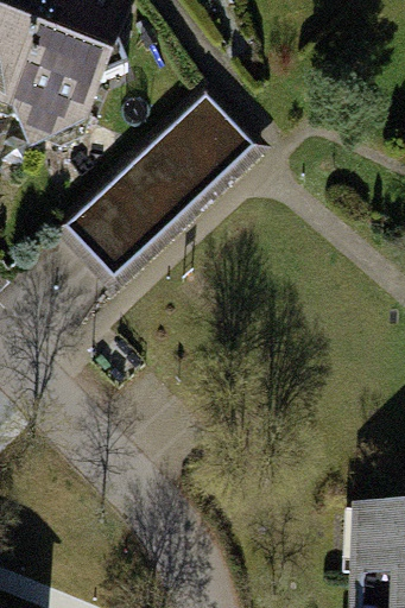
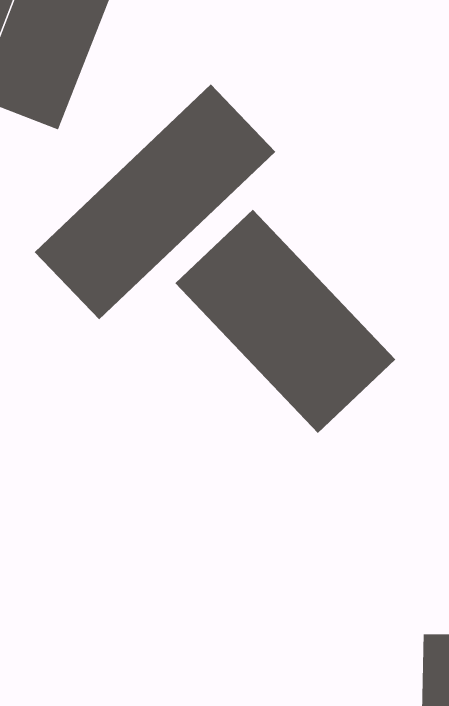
building: none -> [174,209,396,434]

